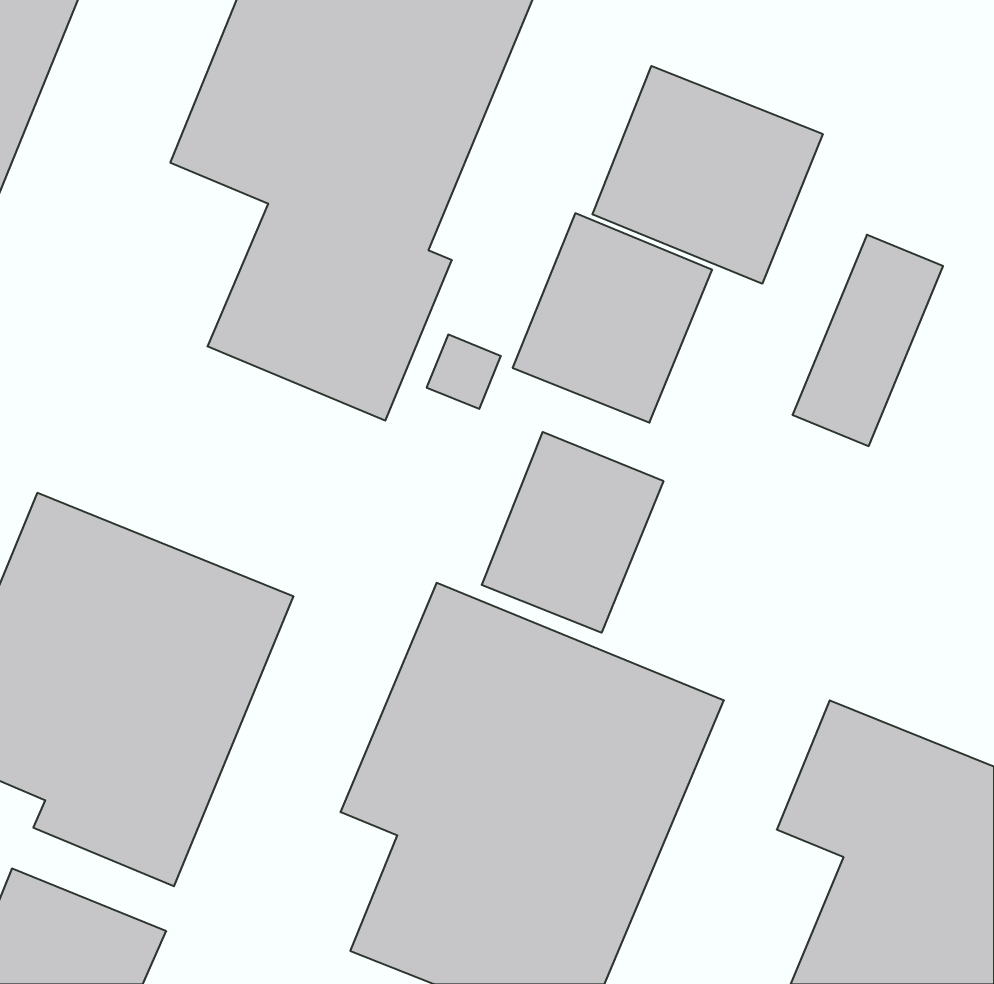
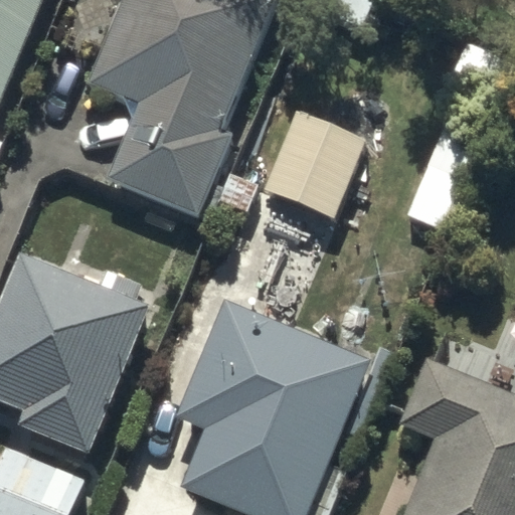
building: [592,66,823,284] -> none
building: [482,432,663,633] -> none

